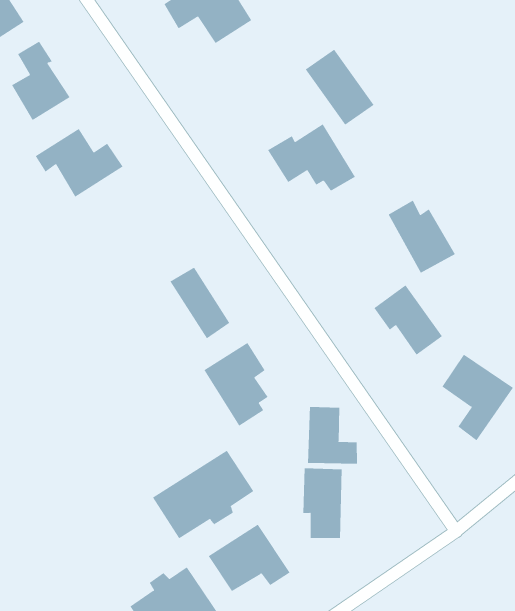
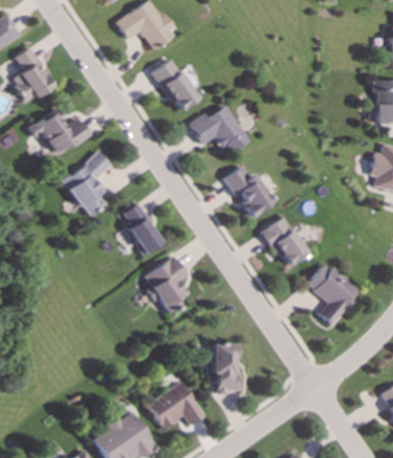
building: [305,49,374,126] -> [151,59,199,112]
building: none -> [61,154,110,217]
building: [388,200,456,274] -> [227,167,274,218]
building: [308,406,358,465] -> none
building: [152,450,254,539] -> none

